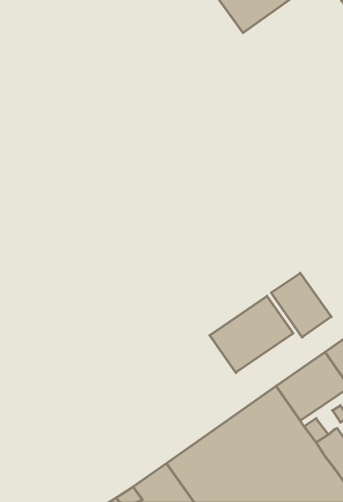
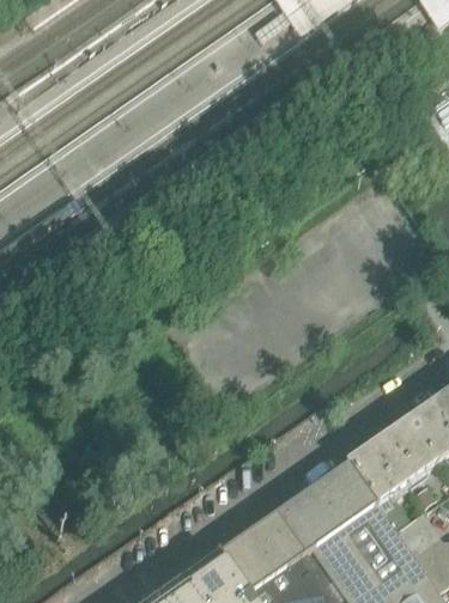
building: [271,273,331,337] -> none
building: [210,296,293,373] -> none

